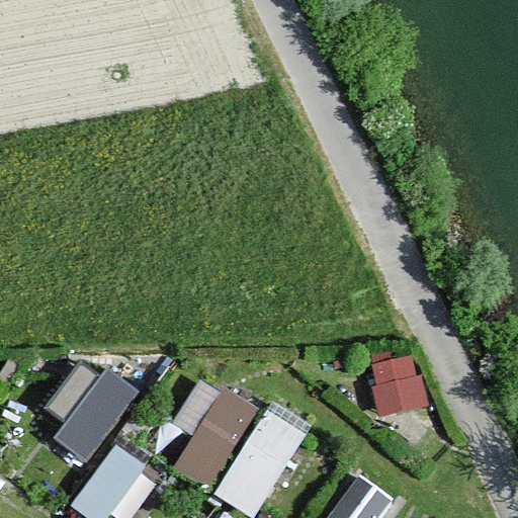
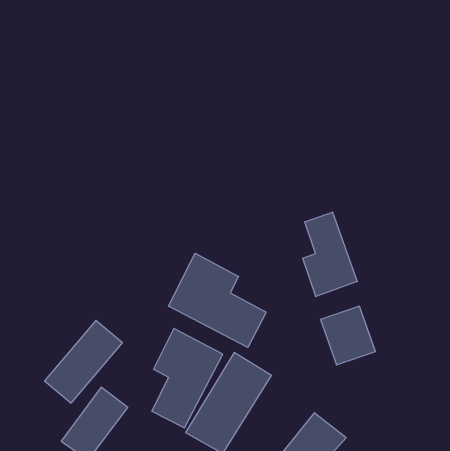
building: none -> [303,212,357,297]
building: none -> [168,253,266,347]

